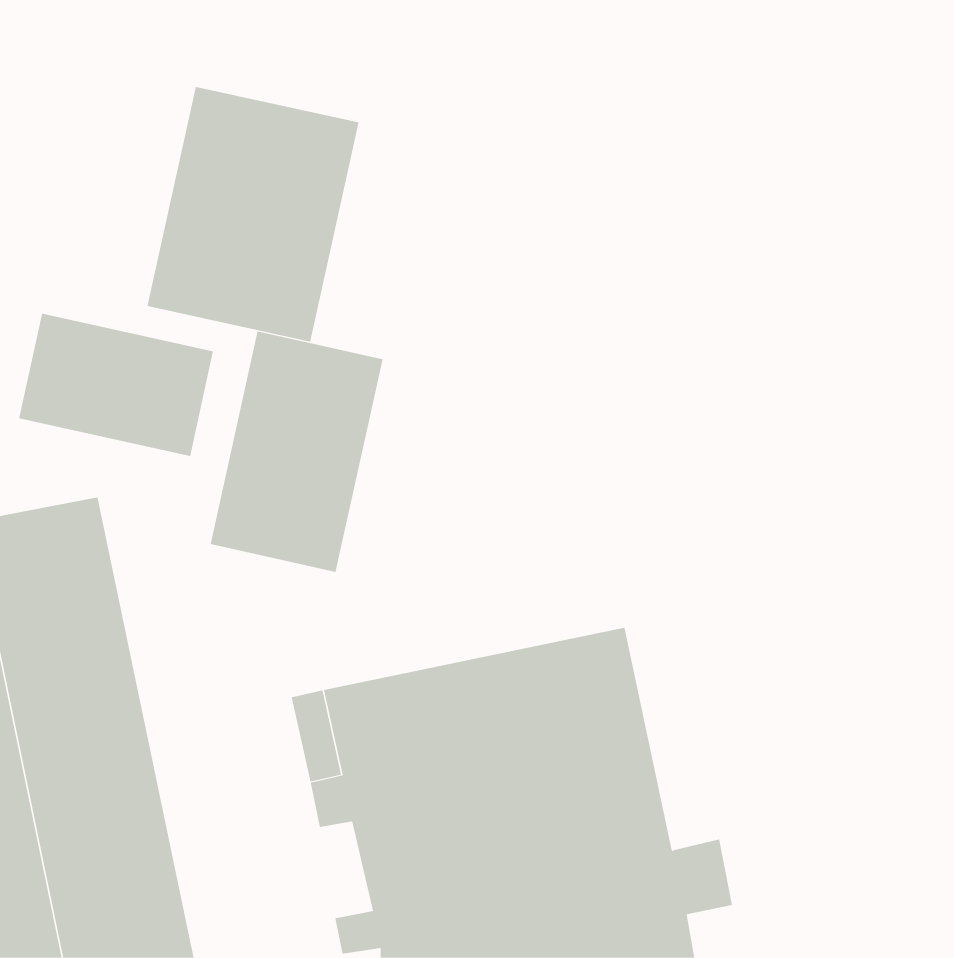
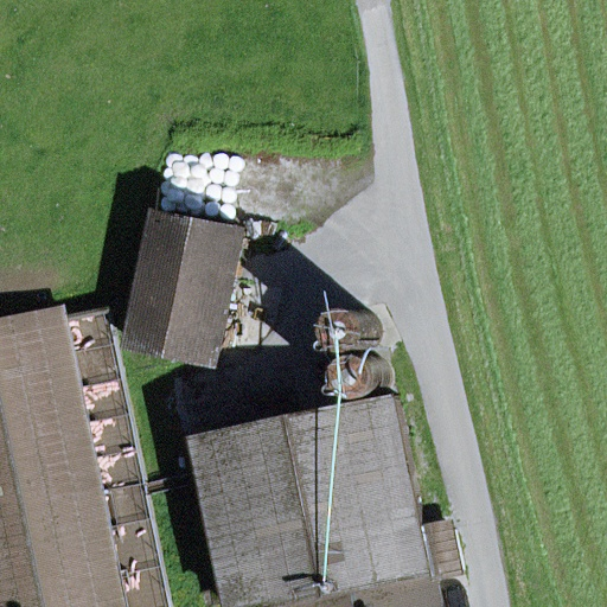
building: [147,86,359,342] -> none
building: [19,313,214,457] -> none

